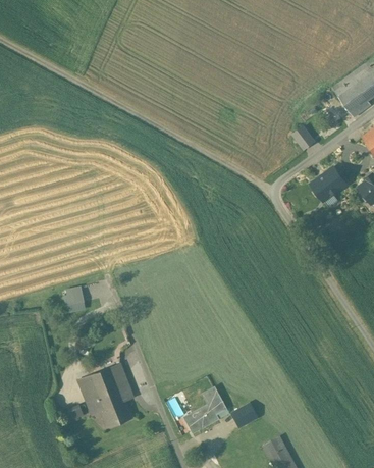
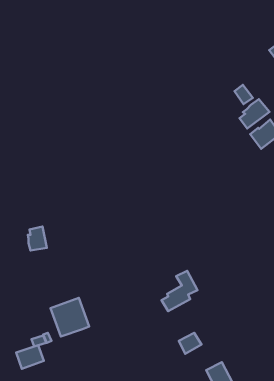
building: none -> [239,99,270,129]
building: [185,387,225,432] -> [162,271,197,311]
building: [100,400,130,426] -> [16,345,44,369]

